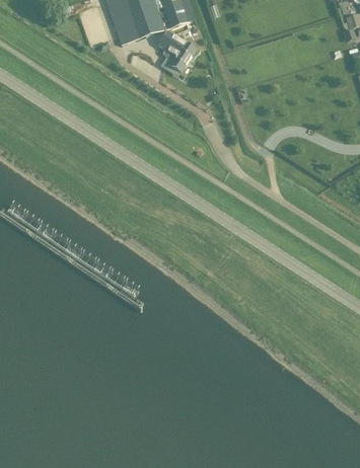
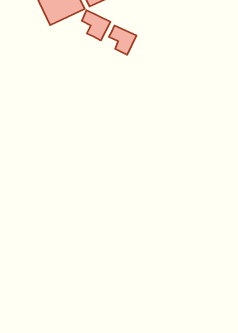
building: none -> [109,25,136,55]

